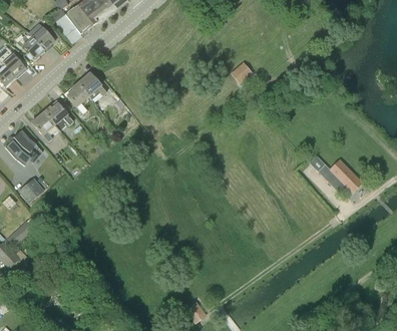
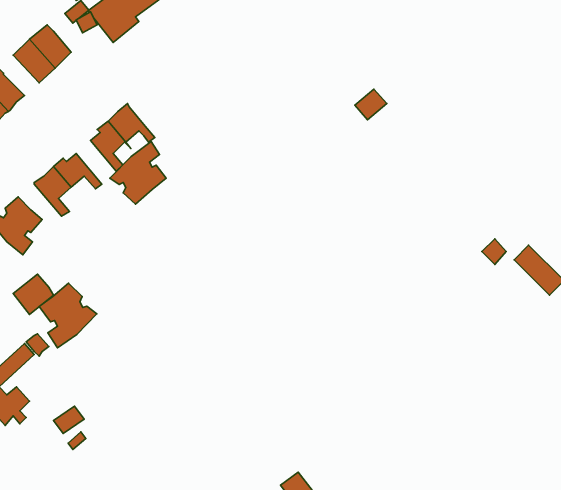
building: none -> [110,141,166,204]
building: none -> [39,283,97,348]

